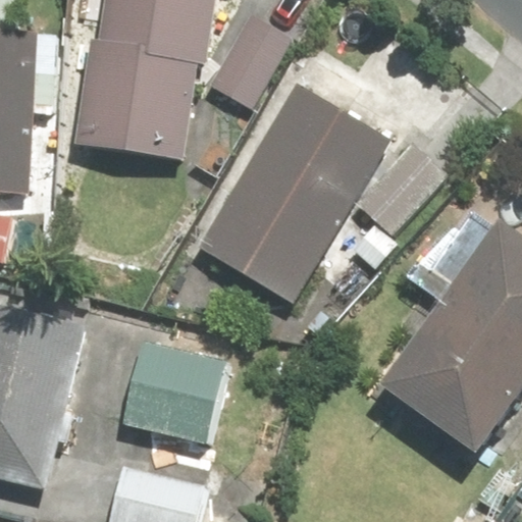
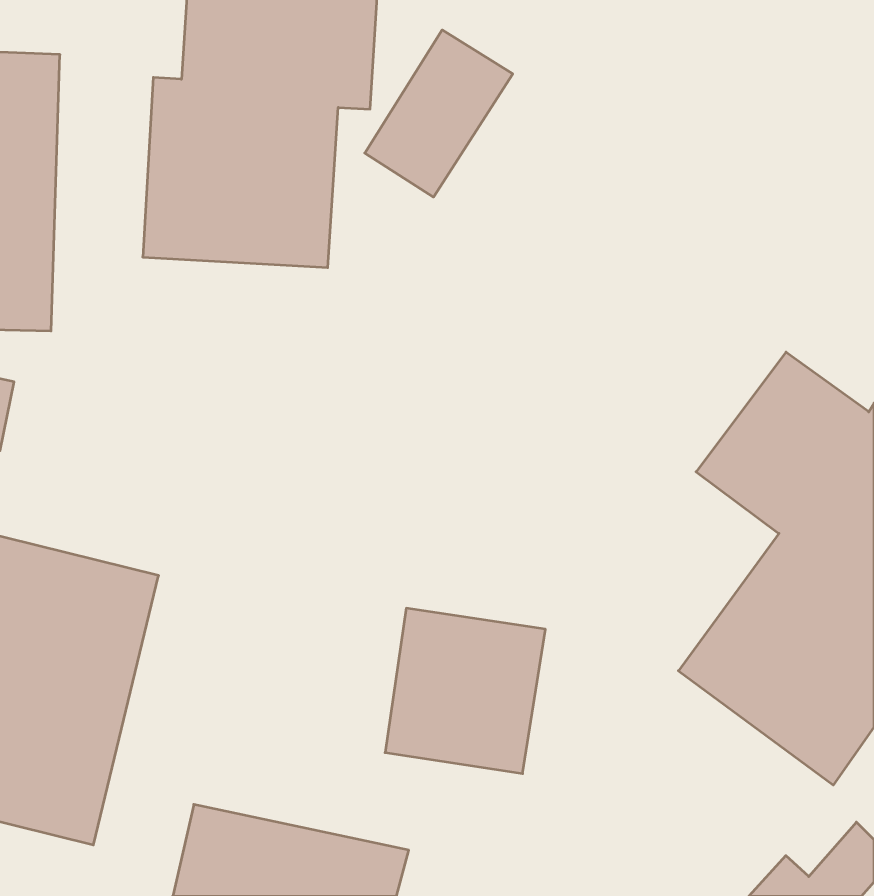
building: [199,88,383,301] -> none
building: [128,352,221,448] -> [385,608,545,774]

